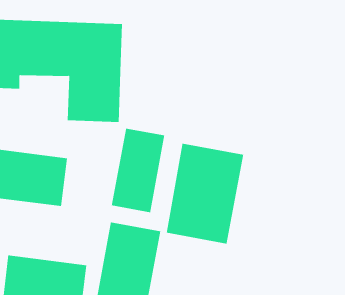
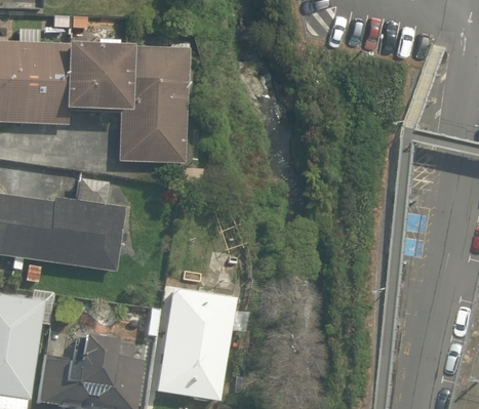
building: [111,128,165,213] -> none
building: [166,143,244,244] -> none

